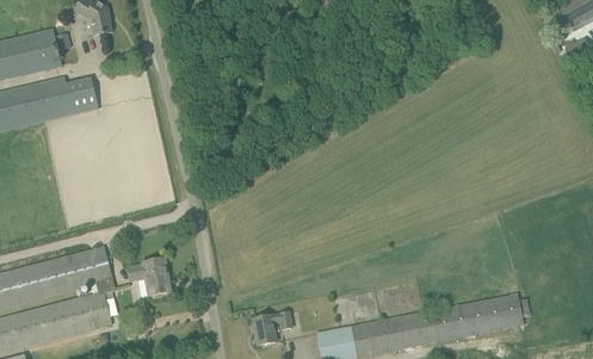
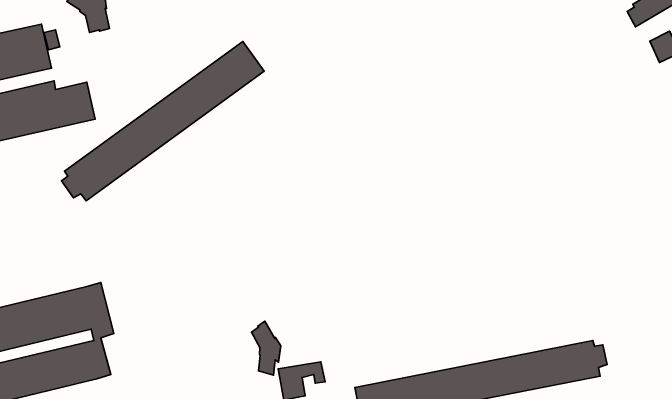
building: none -> [62,41,264,201]
building: [126,259,168,296] -> none
building: none -> [252,321,281,375]

